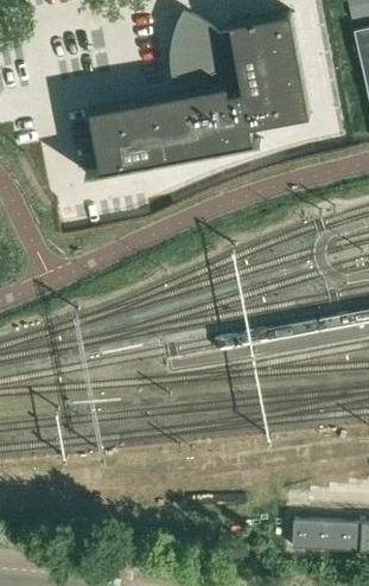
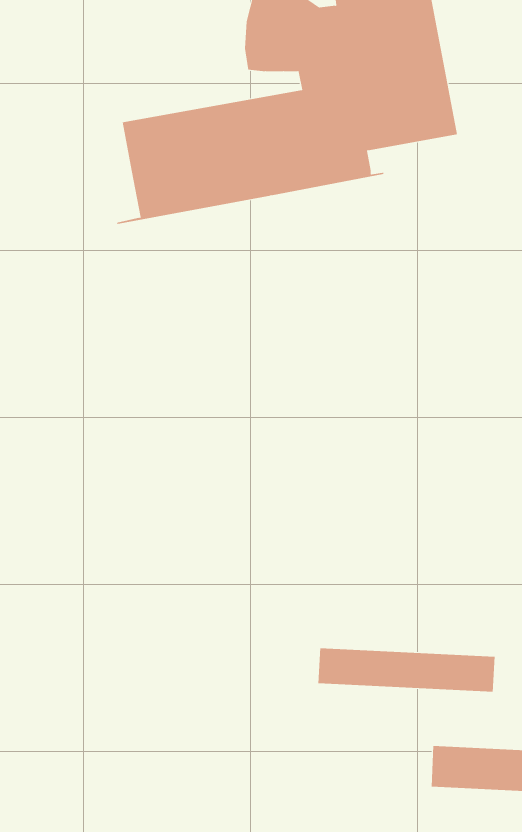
building: none -> [318,648,495,692]

